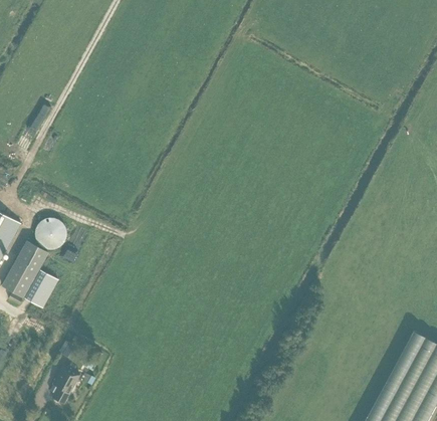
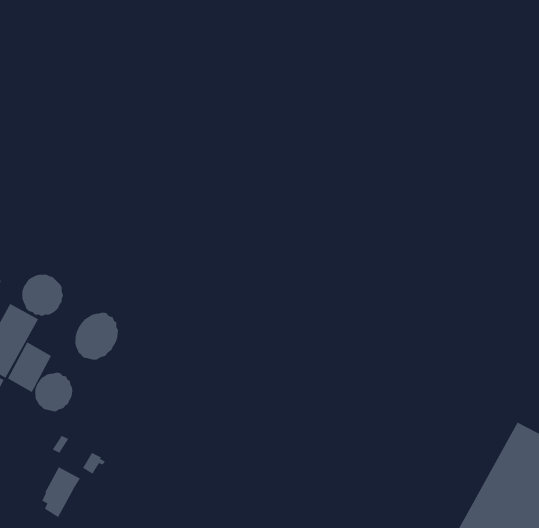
building: none -> [75,312,119,361]
building: none -> [35,372,73,412]

